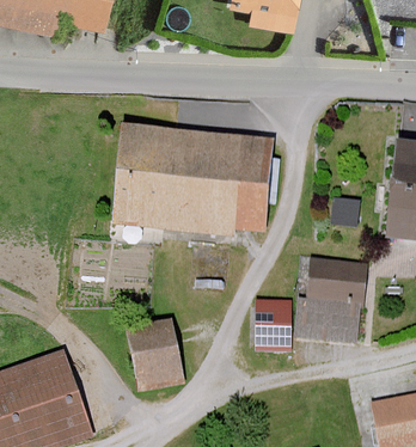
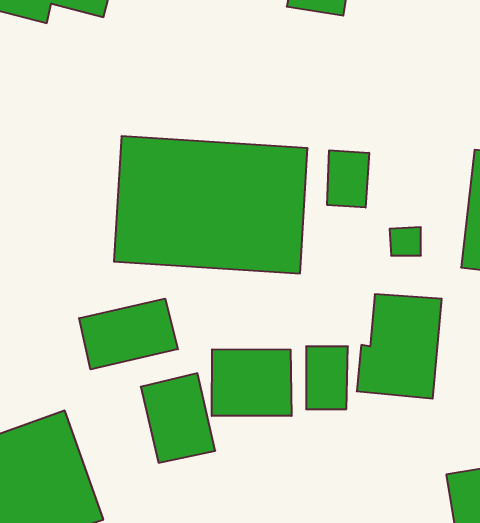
building: none -> [327,150,369,208]
building: none -> [79,299,178,369]
building: none -> [212,349,292,416]

